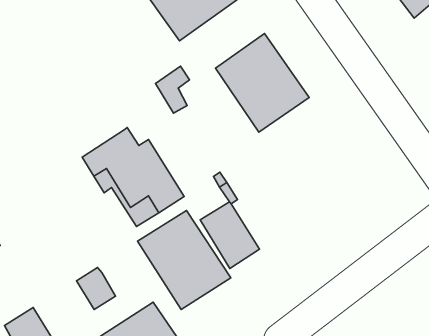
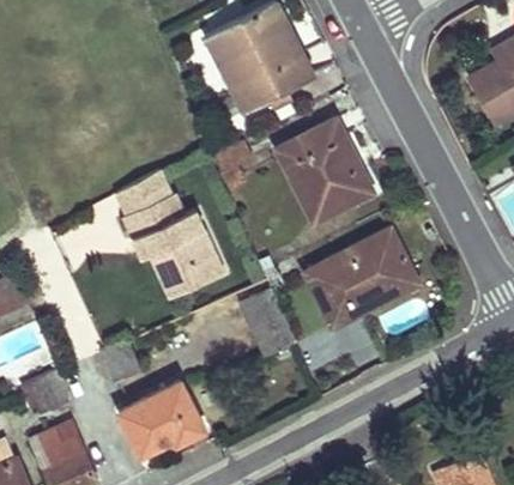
building: none -> [114,166,175,219]
building: none -> [306,228,418,325]
building: [137,210,231,310] -> none

